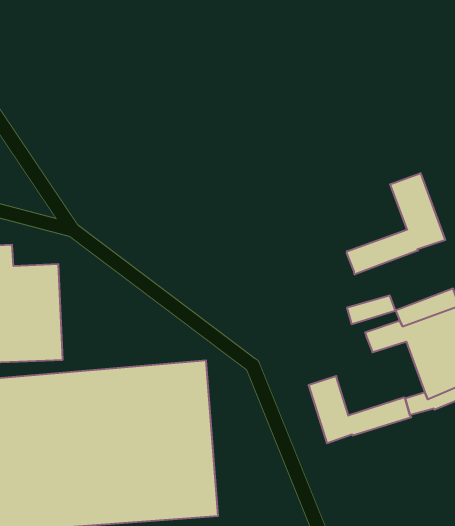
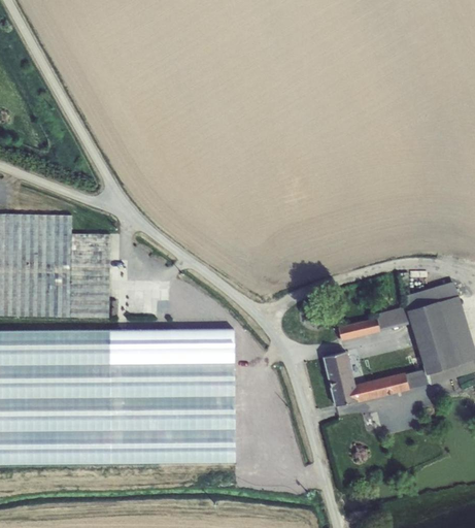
building: [347,173,445,275] -> none
building: [347,295,396,324] -> [337,318,379,340]

